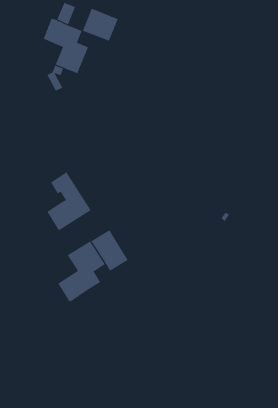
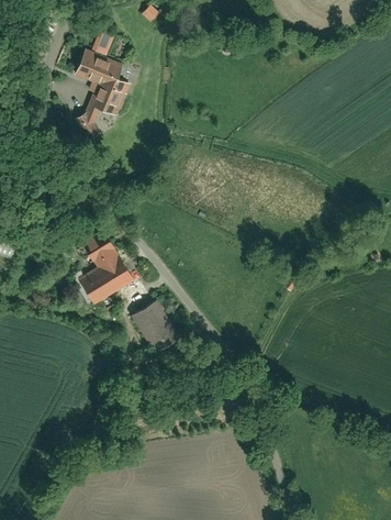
building: [82,8,119,41] -> none
building: [58,240,105,303] -> none

